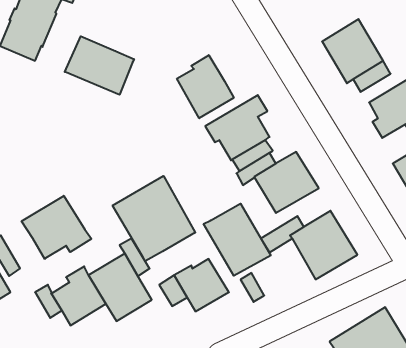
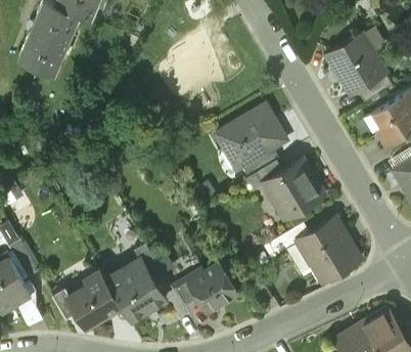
building: [65,36,134,95] -> none
building: [177,55,234,118] -> none
building: [113,176,195,261] -> none
building: [22,196,91,259] -> none
building: [204,204,271,276] -> none

